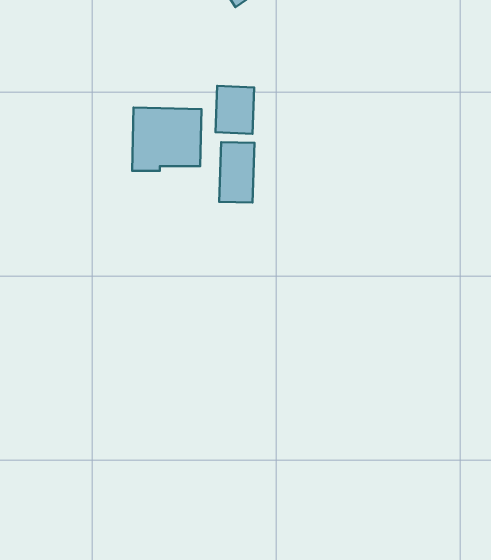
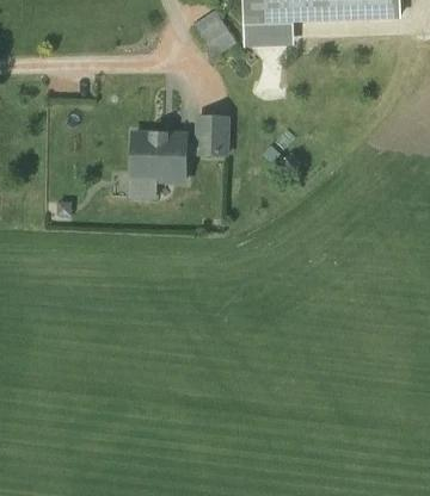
building: [219,142,254,203] -> none

